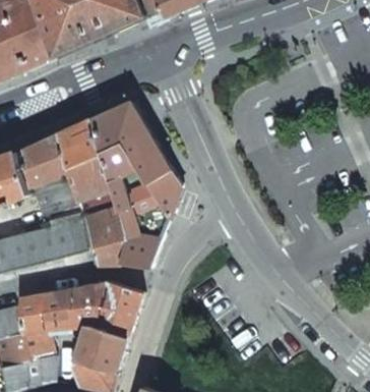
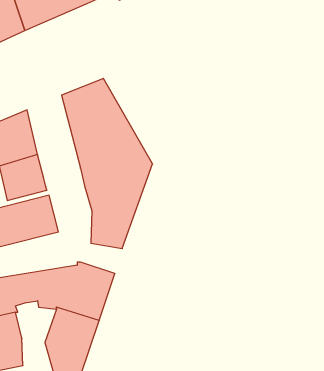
building: [57,118,109,200] -> none
building: [78,207,120,264] -> none

